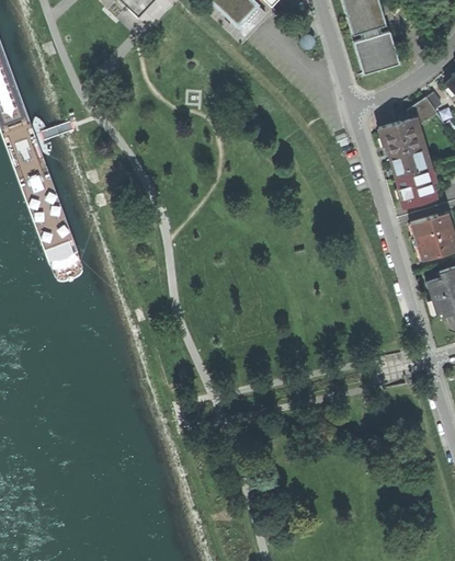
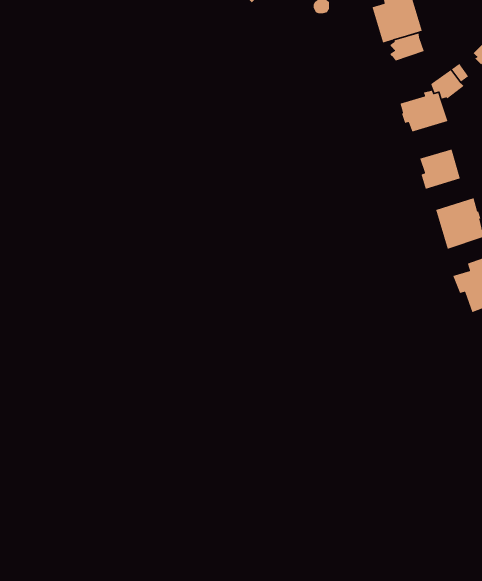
building: none -> [389,32,425,62]
building: [390,144,426,176] -> none

